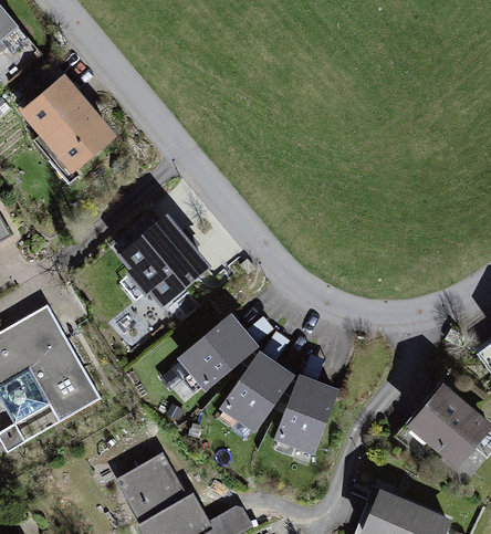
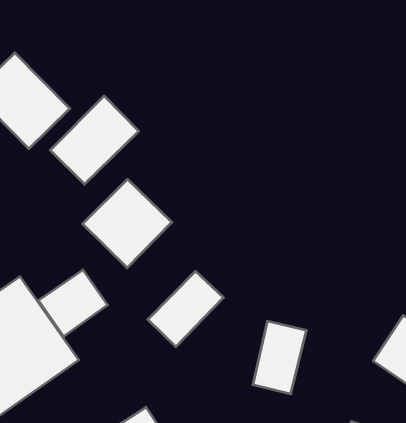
building: none -> [50,96,139,184]
building: none -> [38,270,108,337]
building: [221,354,293,431] -> none

